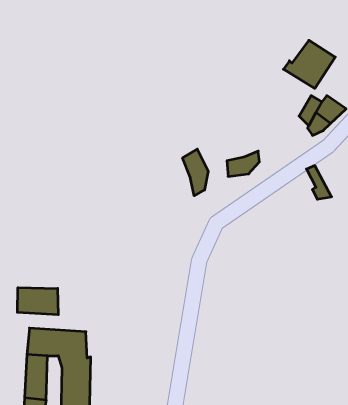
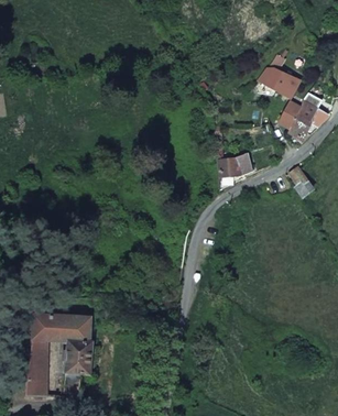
building: [183,149,208,196] -> none
building: [17,288,58,315] -> none

